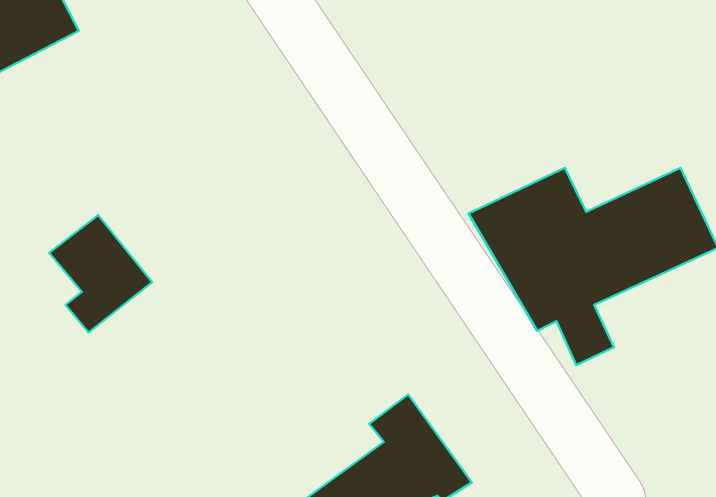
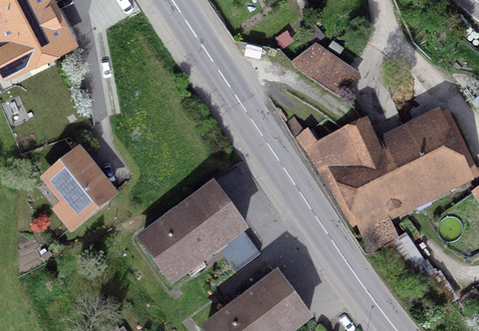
building: none -> [296,47,349,88]
building: none -> [143,186,262,280]

